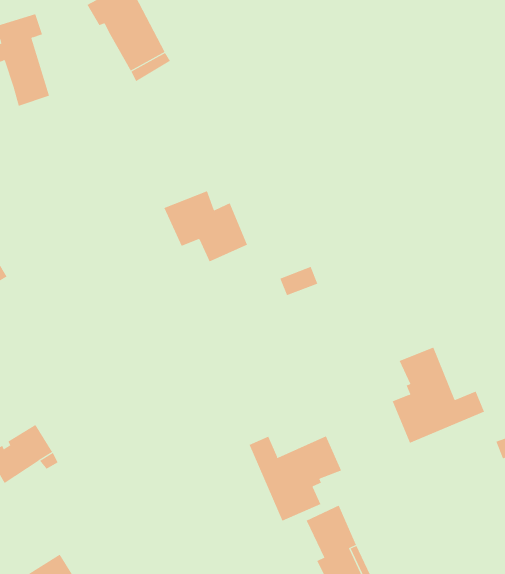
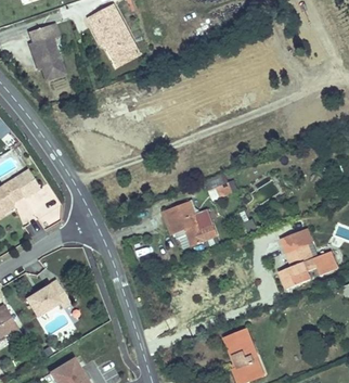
building: [164,190,248,262] -> [160,199,212,243]
building: [249,435,342,521] -> none

